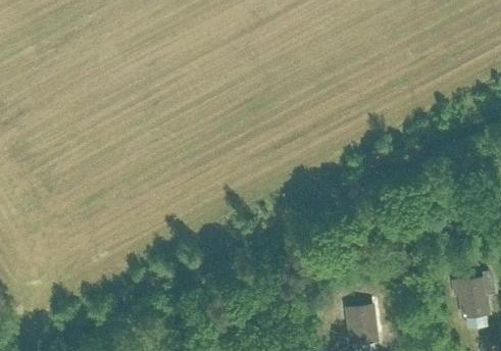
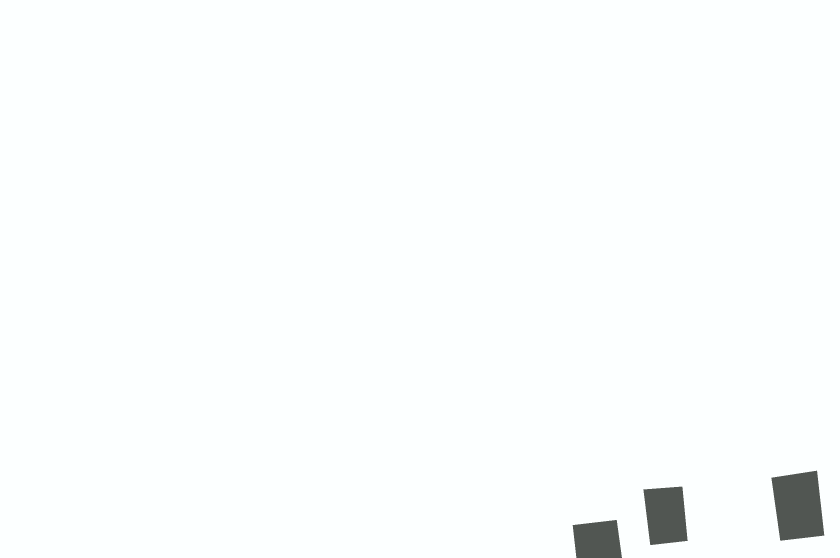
building: none -> [643,486,688,546]

